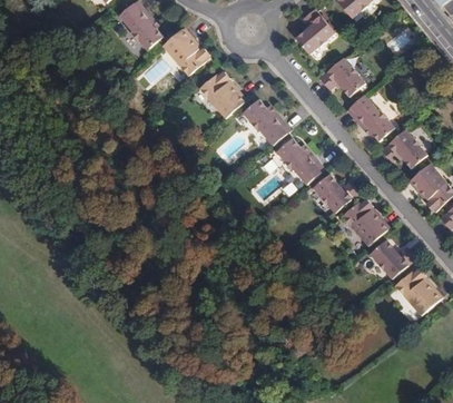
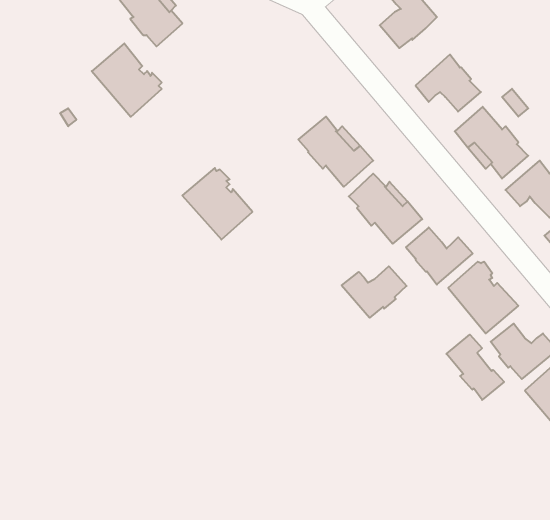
building: [163,26,210,76] -> [92,43,162,117]
building: [199,69,247,118] -> [182,168,252,240]
building: none -> [342,266,407,318]
building: none -> [446,335,504,400]

